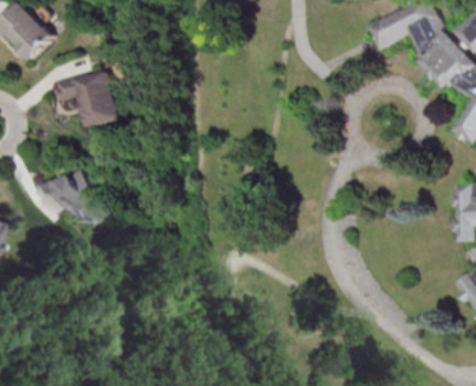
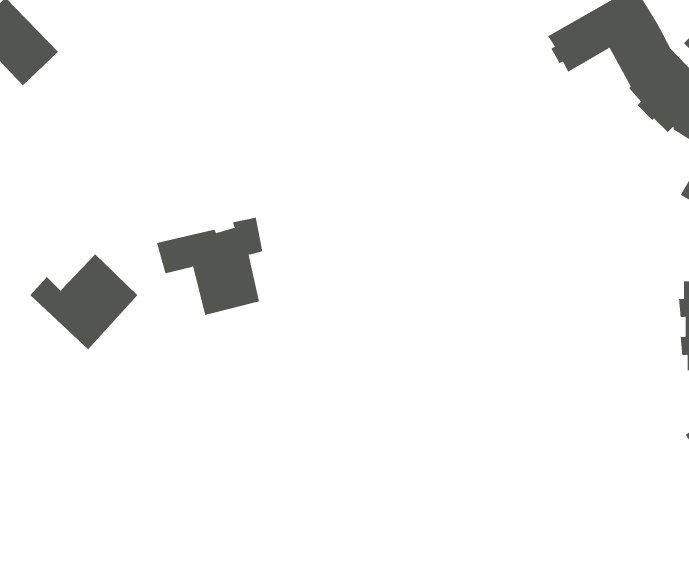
building: [55,65,124,128] -> [156,217,263,315]

